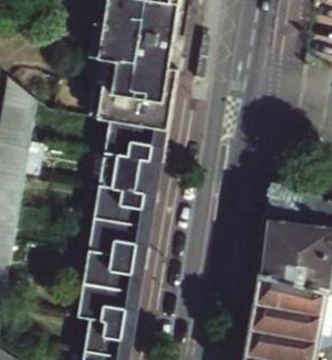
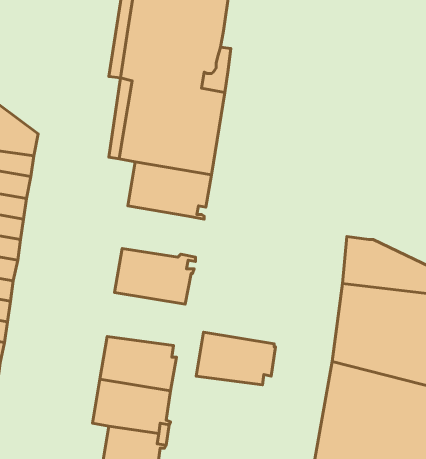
building: [101,158,151,197] -> none
building: [90,223,149,263] -> [196,332,276,385]

